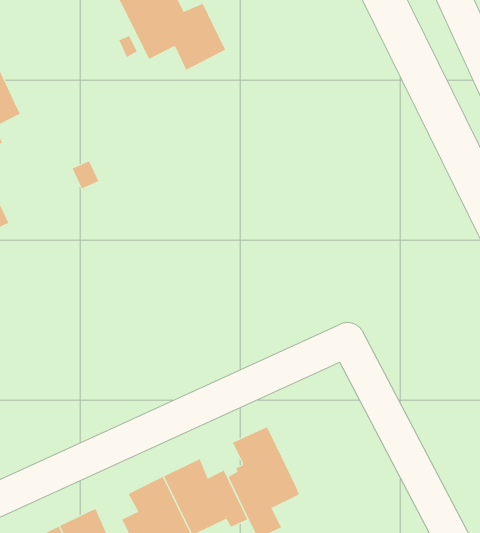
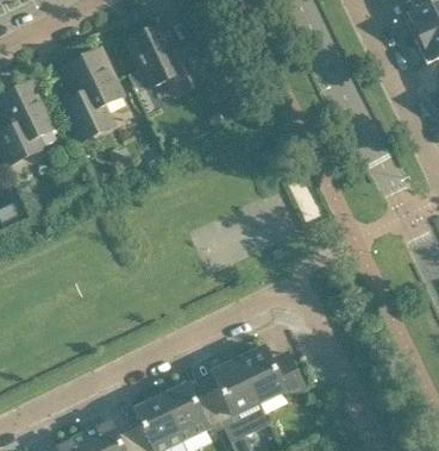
building: none -> [64,48,123,139]
building: none -> [239,345,306,402]

